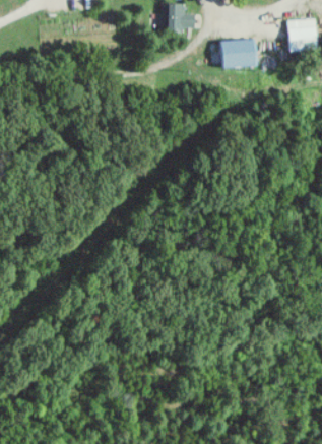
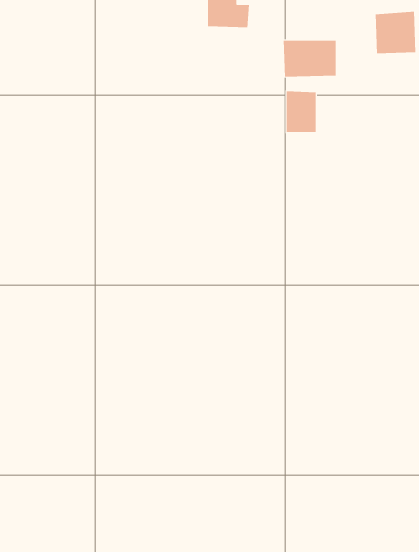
building: none -> [286,91,316,133]

